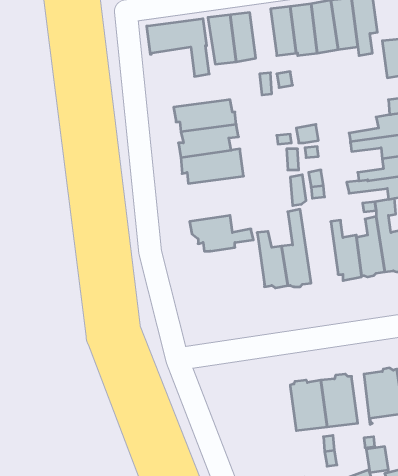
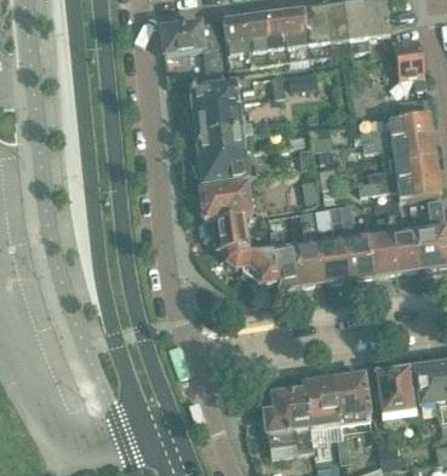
building: none -> [263,10,290,58]
building: none -> [187,78,253,107]
building: none -> [199,180,253,219]
building: none -> [322,203,350,281]
building: none -> [224,236,277,282]
building: none -> [262,382,313,451]

